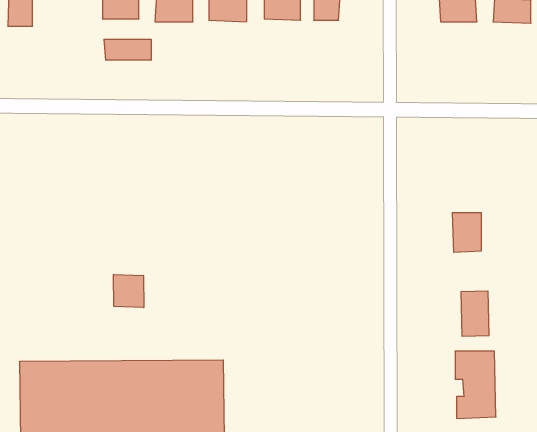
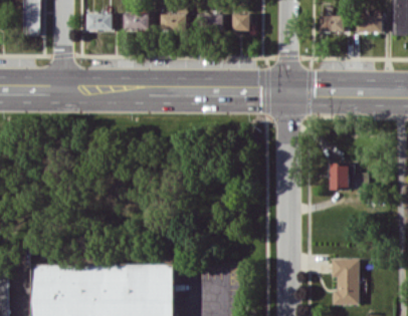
building: [104,39,151,60] -> none
building: [114,274,144,308] -> none
building: [461,291,489,336] -> none

